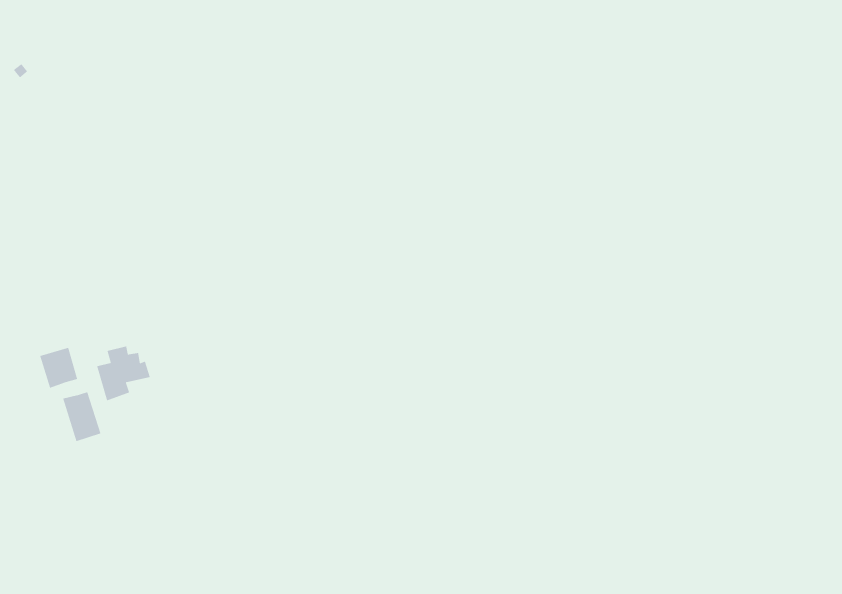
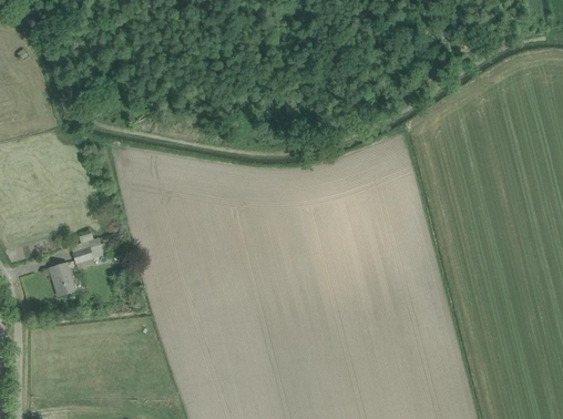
building: [39,347,78,389] -> none

